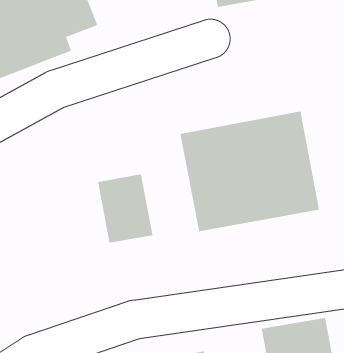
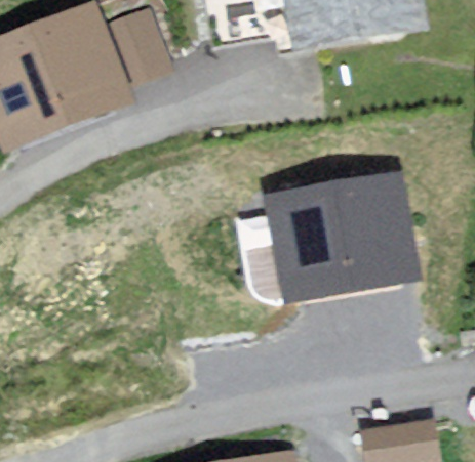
building: [97,173,153,244] -> none

